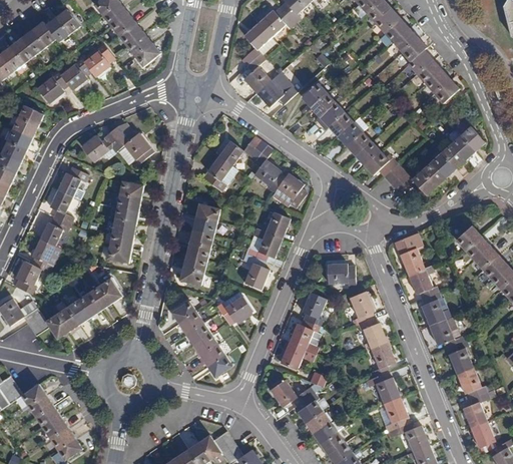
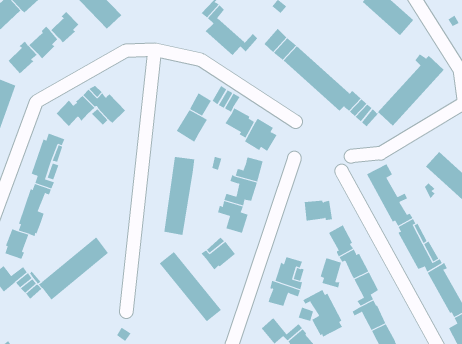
building: [106,180,143,263] -> none
building: [302,292,326,325] -> [320,257,342,288]
building: none -> [302,289,343,338]

